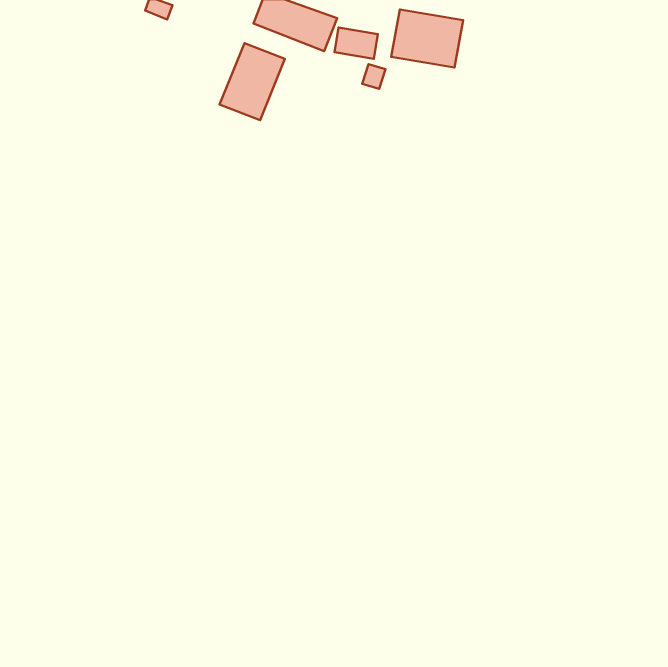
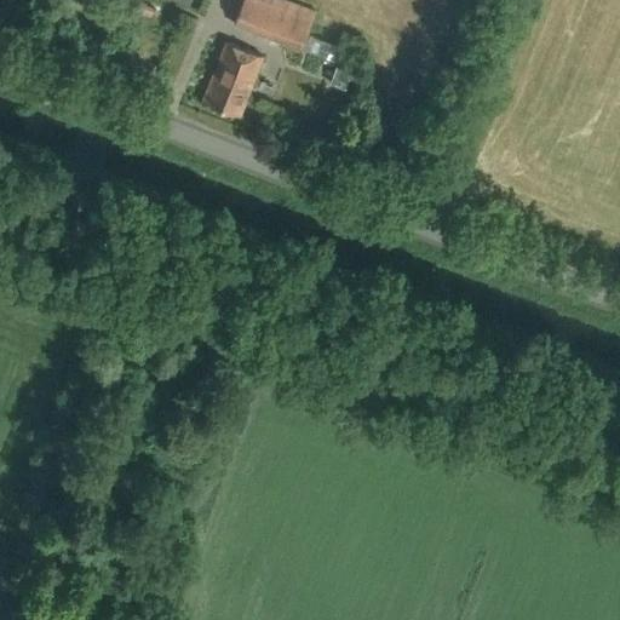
building: [391,9,463,67] -> none

